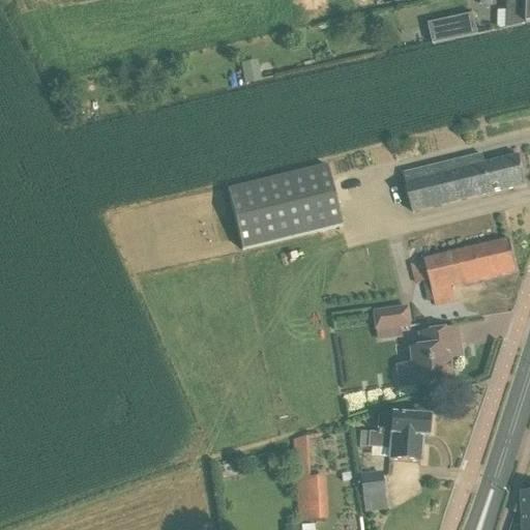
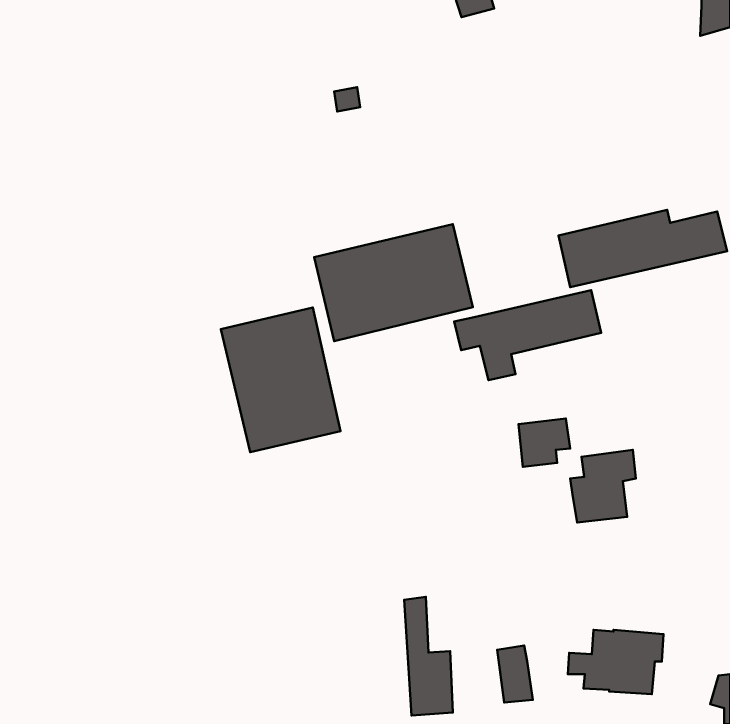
building: [429,13,465,41] -> none
building: none -> [221,308,341,452]
building: [411,237,518,302] -> [454,290,601,380]
building: [359,412,429,459] -> [568,630,663,694]

